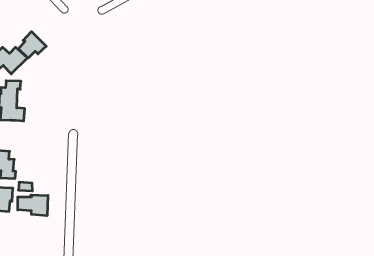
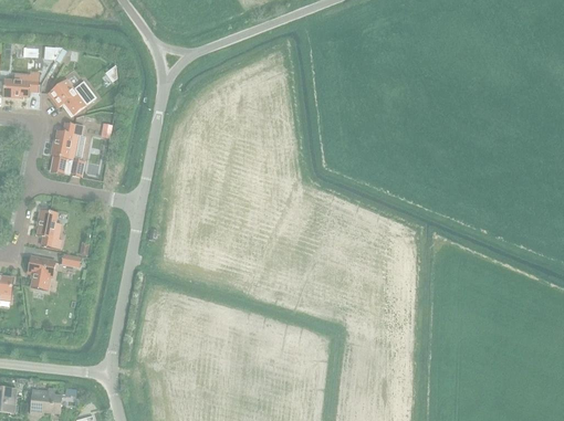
building: [18,32,46,58] -> none
building: [18,195,48,216] -> none

